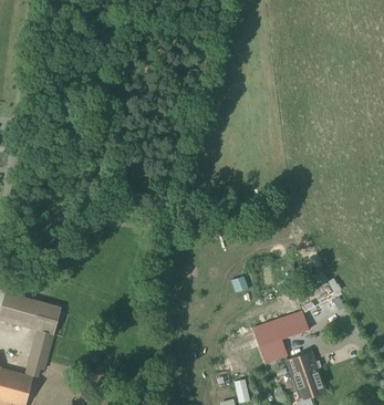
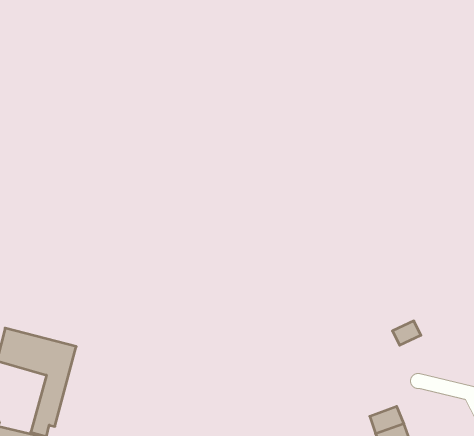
building: [258,315,307,360] -> none

